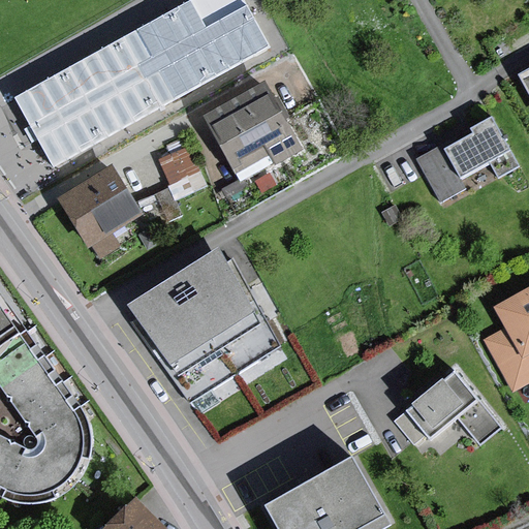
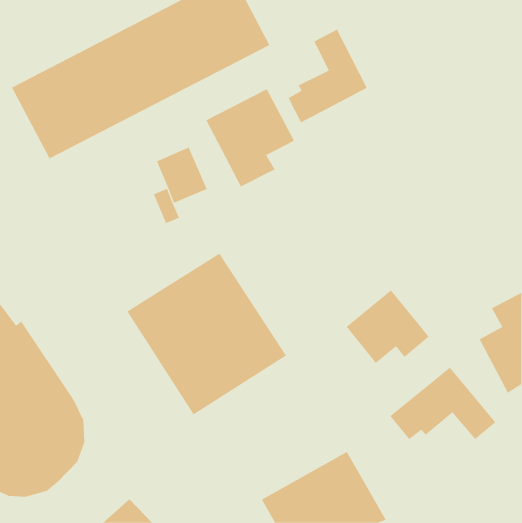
building: none -> [288,29,367,123]
building: [414,119,519,206] -> none
building: [60,168,145,262] -> none
building: none -> [346,289,430,364]

